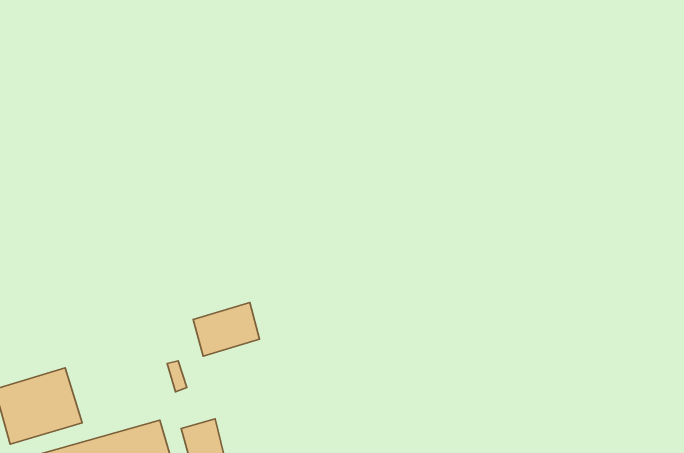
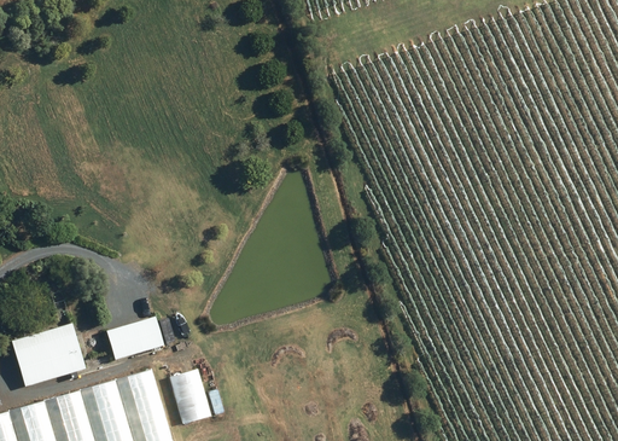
building: [193,302,260,356] -> [105,318,162,364]

